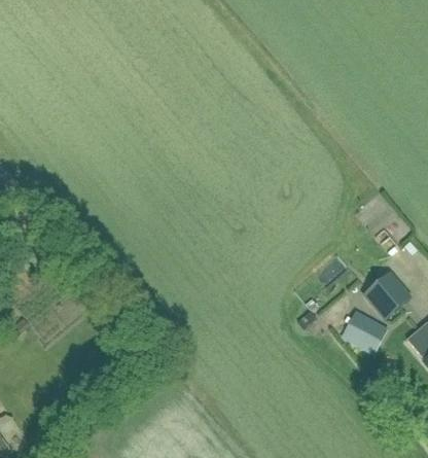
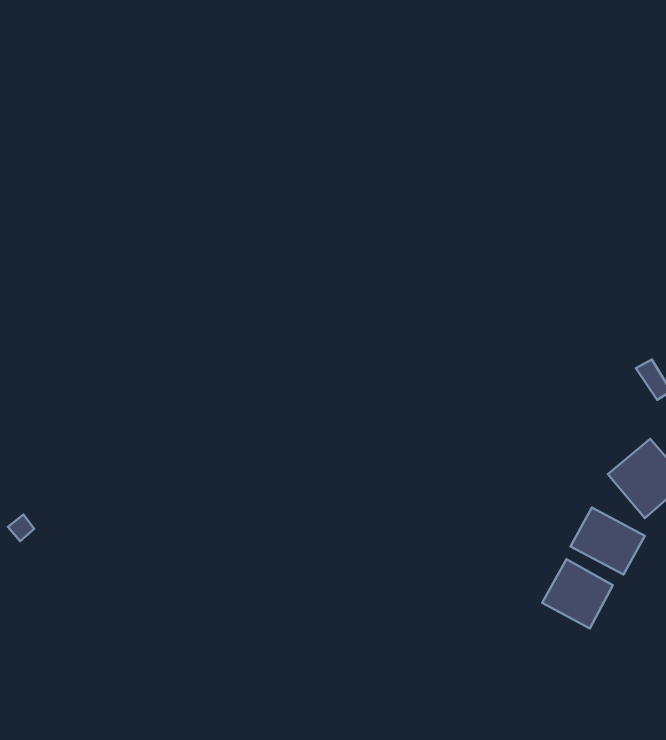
building: none -> [542,559,613,628]

